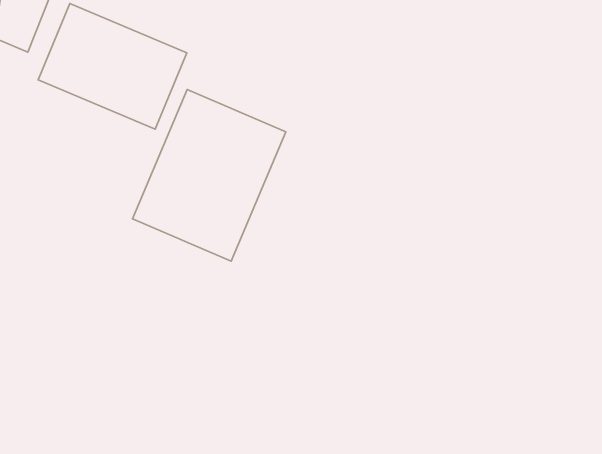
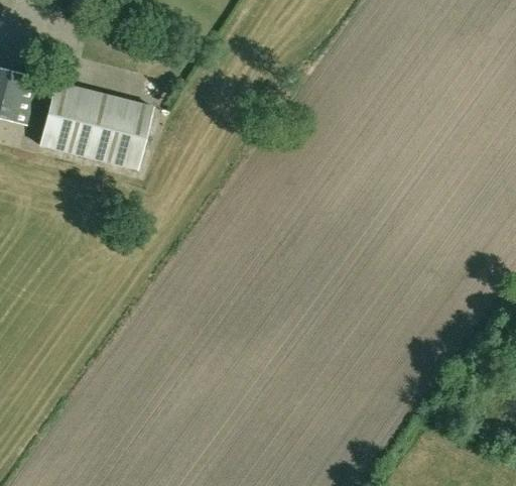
building: [132,90,286,261] -> none

